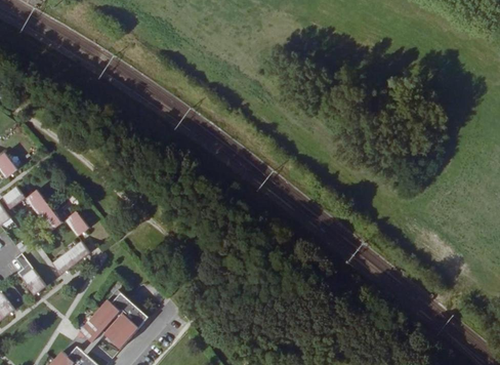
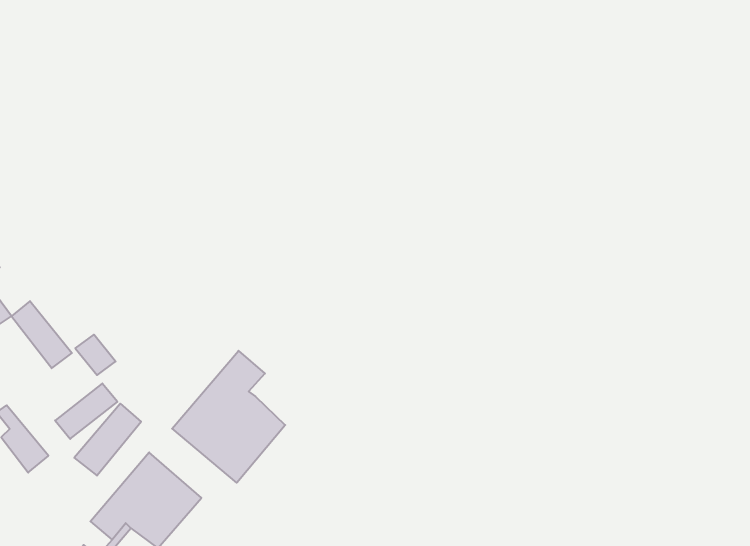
building: none -> [172,351,285,483]
building: none -> [74,404,141,476]

